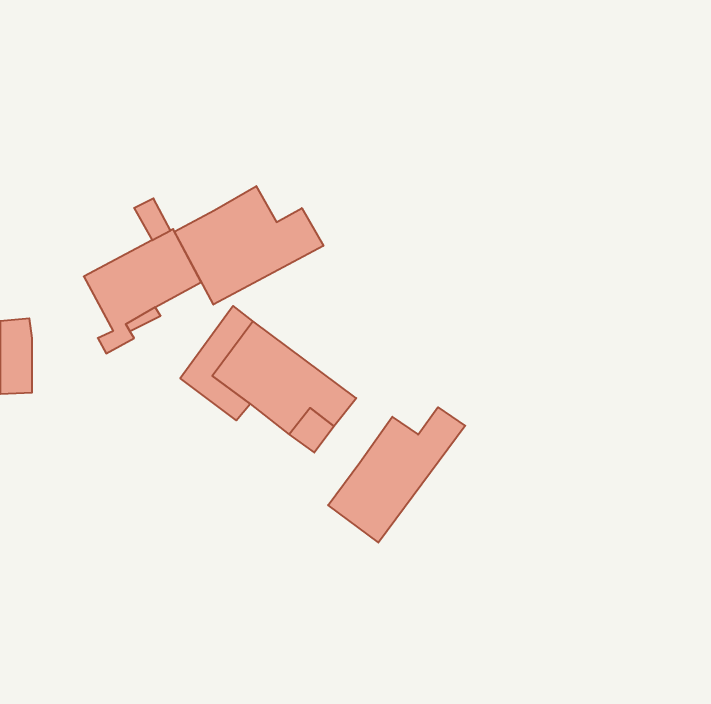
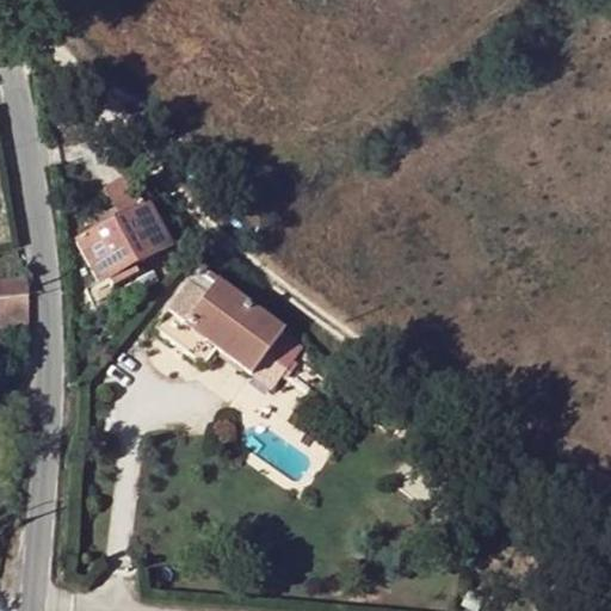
building: [174,186,323,305] -> none
building: [328,407,465,543] -> none

